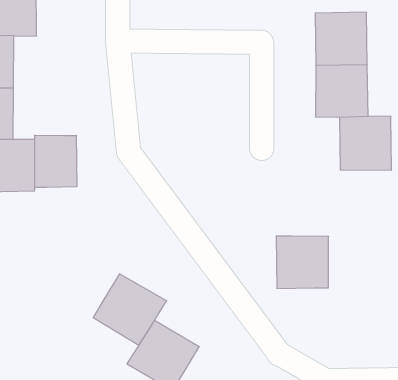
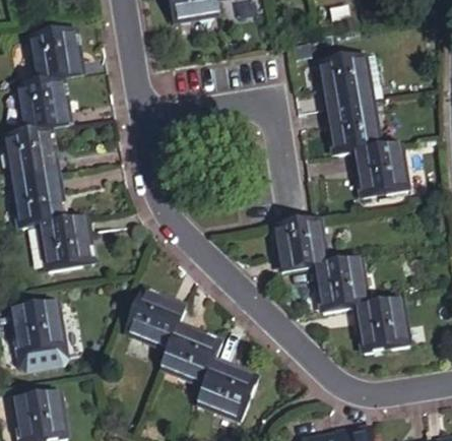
building: [35,135,77,188] -> none
building: none -> [274,218,326,271]
building: none -> [125,288,185,346]
building: none -> [354,299,409,354]

